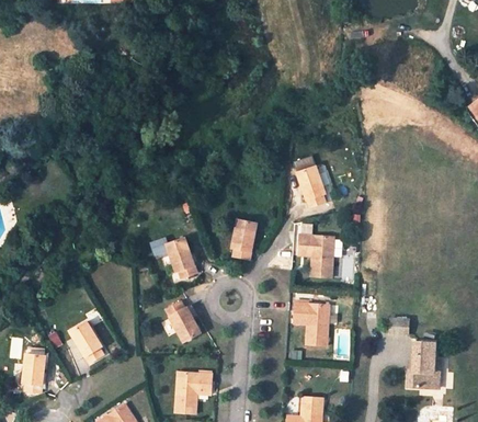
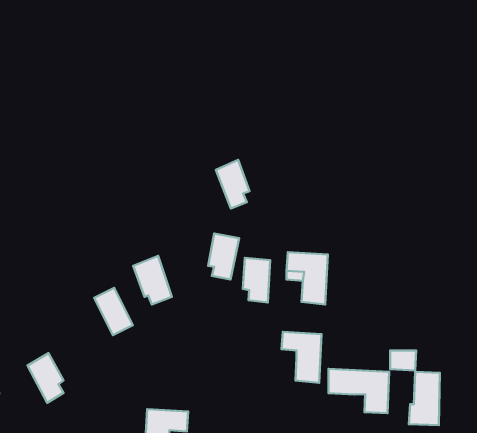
building: [296,163,326,206] -> [216,160,249,209]
building: none -> [243,258,270,303]
building: [166,301,200,343] -> [94,288,133,335]
building: none -> [328,369,389,413]

